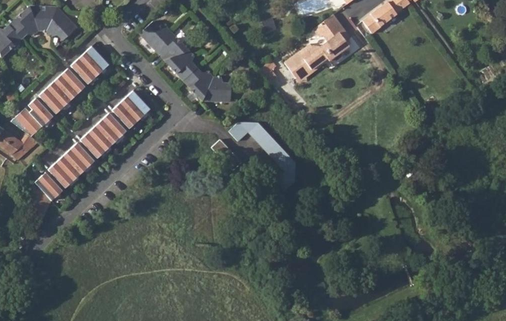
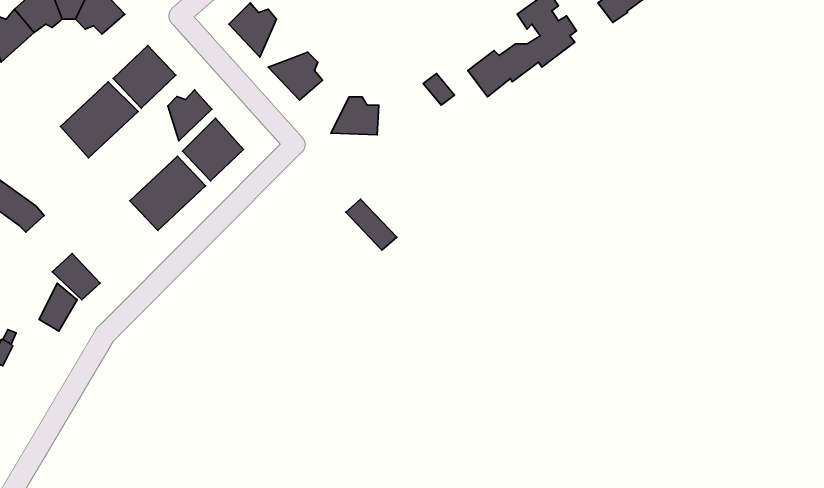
building: [159,30,188,59] -> none
building: [183,67,213,99] -> none
building: none -> [168,90,212,141]
building: [10,98,52,137] -> none
building: [228,121,294,189] -> none
building: [48,142,94,188] -> none

